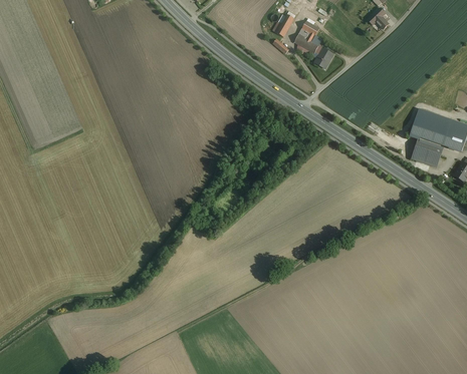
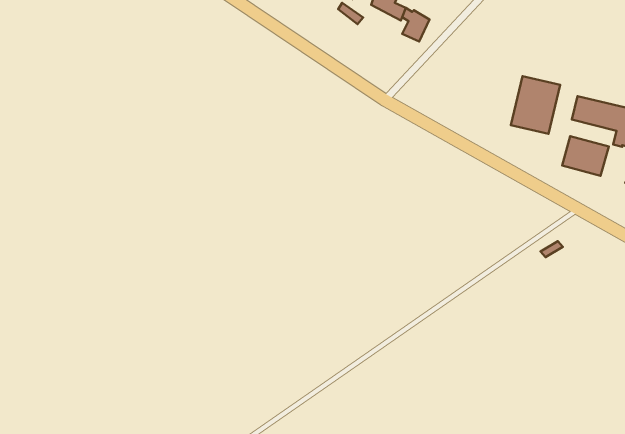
building: none -> [511,76,560,134]

